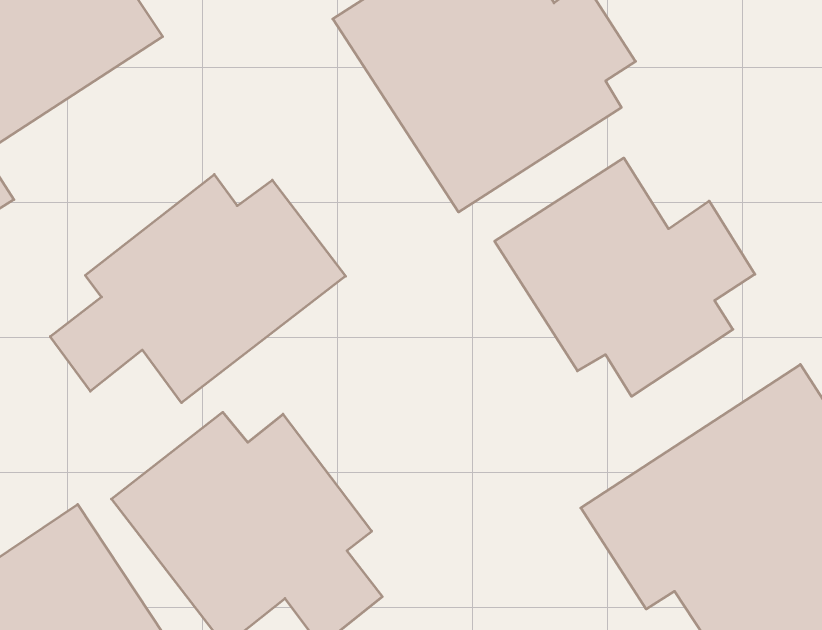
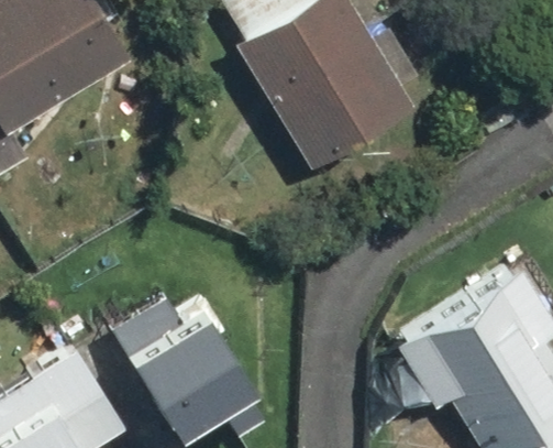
building: [495,158,755,396] -> none
building: [50,174,346,403] -> none

